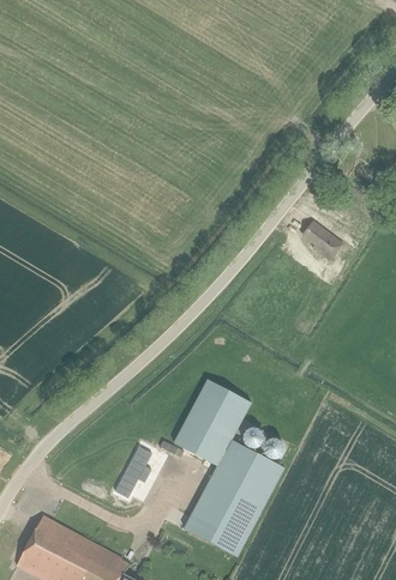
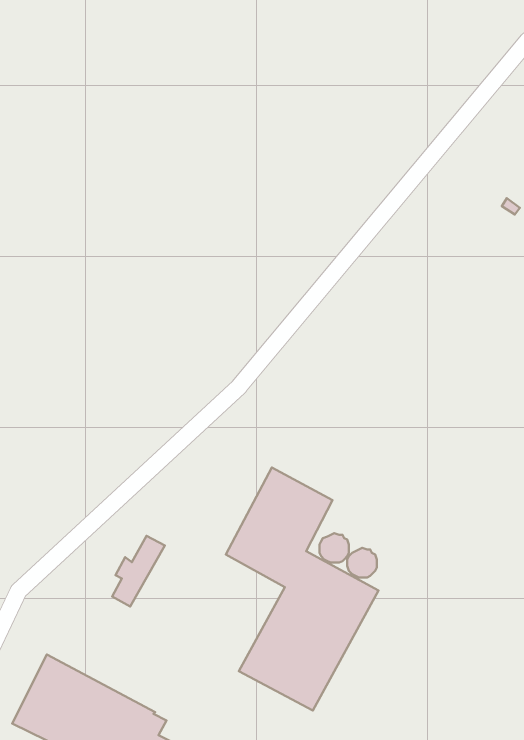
building: [301,222,340,260] -> none
building: [124,441,162,493] -> [112,536,165,606]

